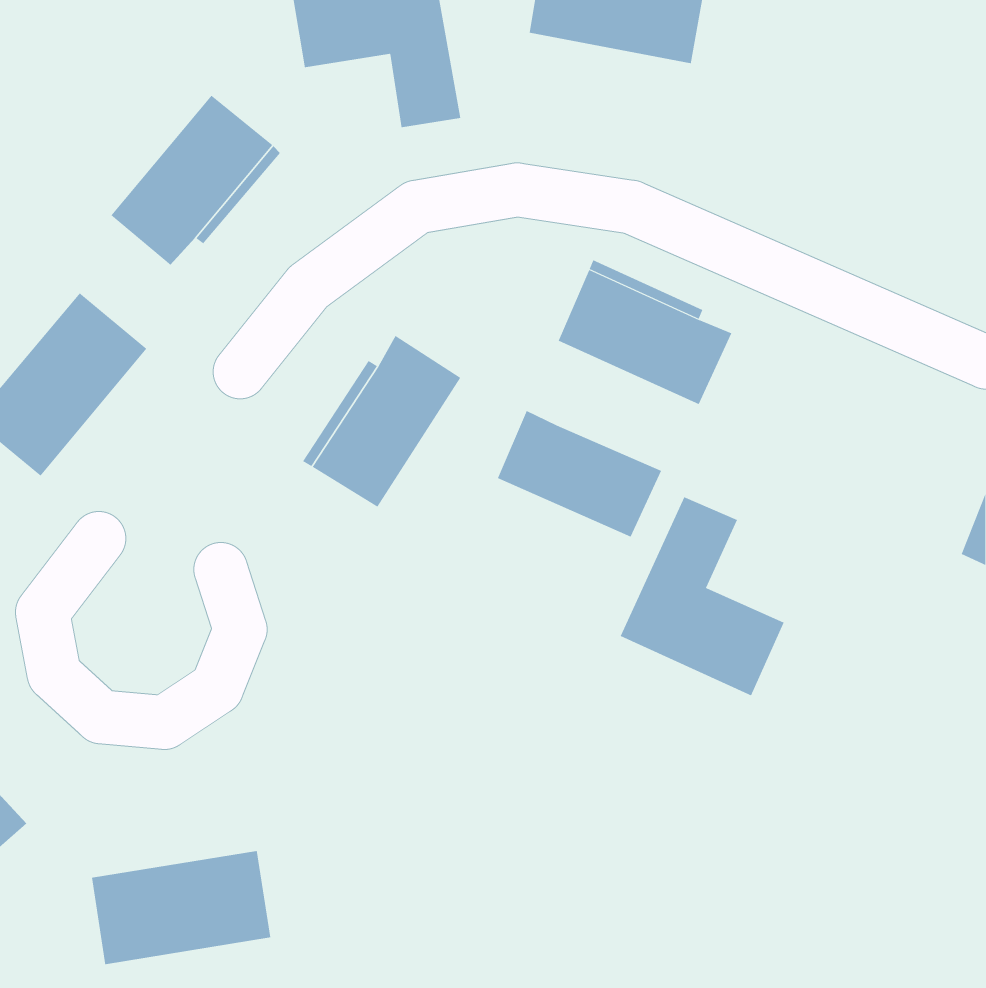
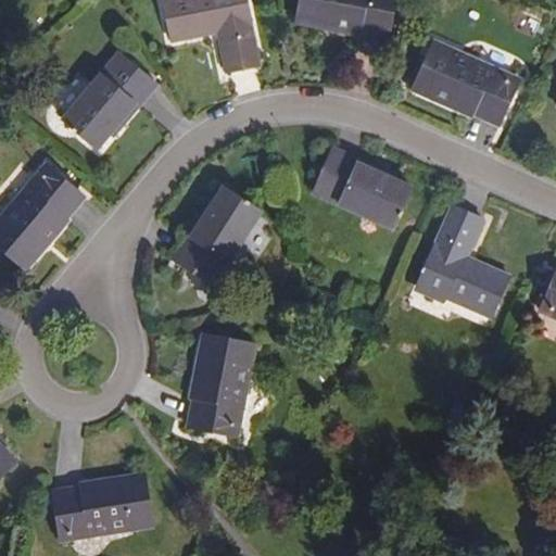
building: none -> [414,41,520,125]
building: [497,410,662,538] -> none
building: [620,497,784,696] -> [416,205,508,317]
building: none -> [188,334,254,435]

